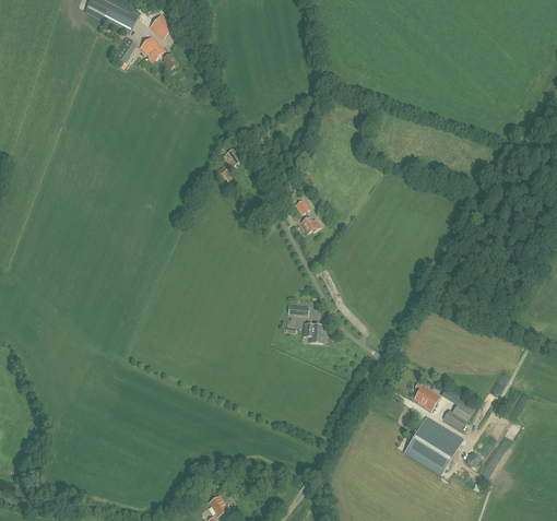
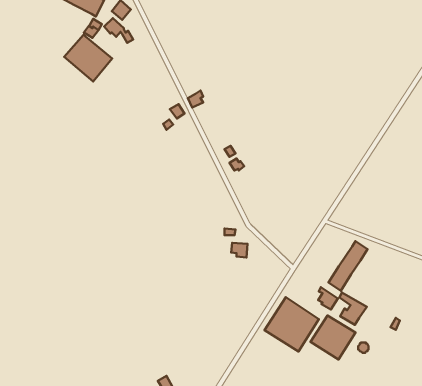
building: none -> [64,35,112,81]
building: none -> [329,241,368,291]
building: none -> [264,297,319,352]

